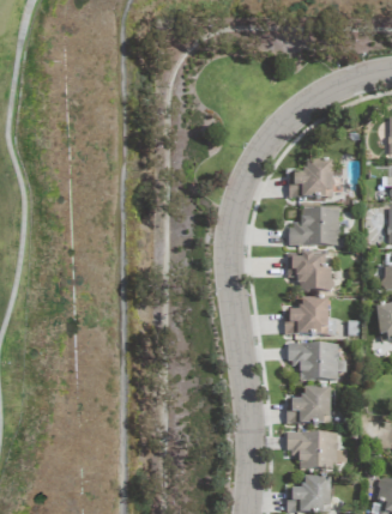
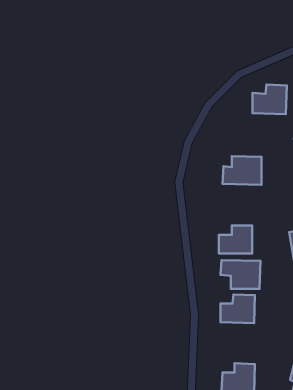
building: [289,159,333,198] -> [252,84,287,114]
building: [287,250,332,290] -> none
building: [287,431,337,468] -> none

